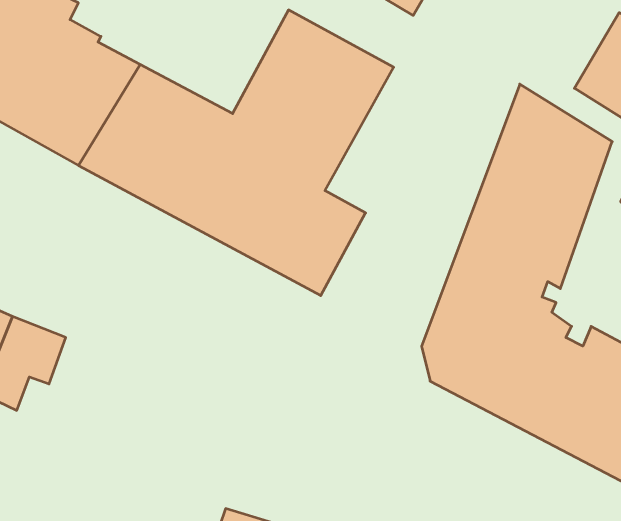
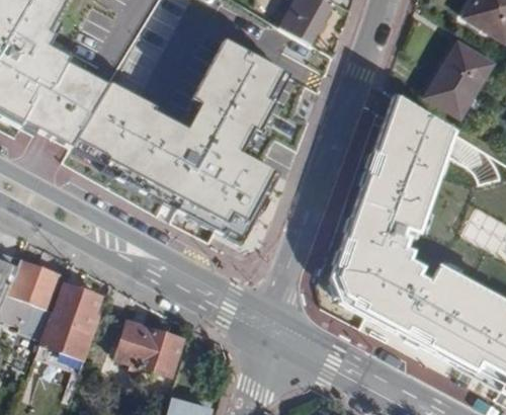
building: none -> [40,283,100,358]
building: none -> [116,320,183,375]

